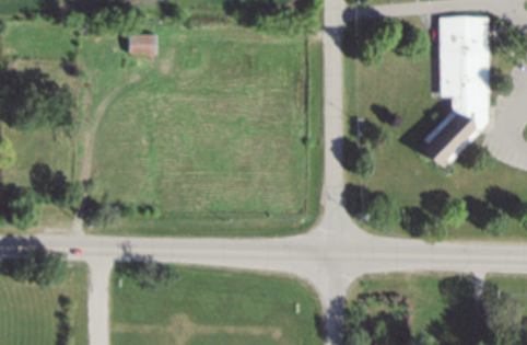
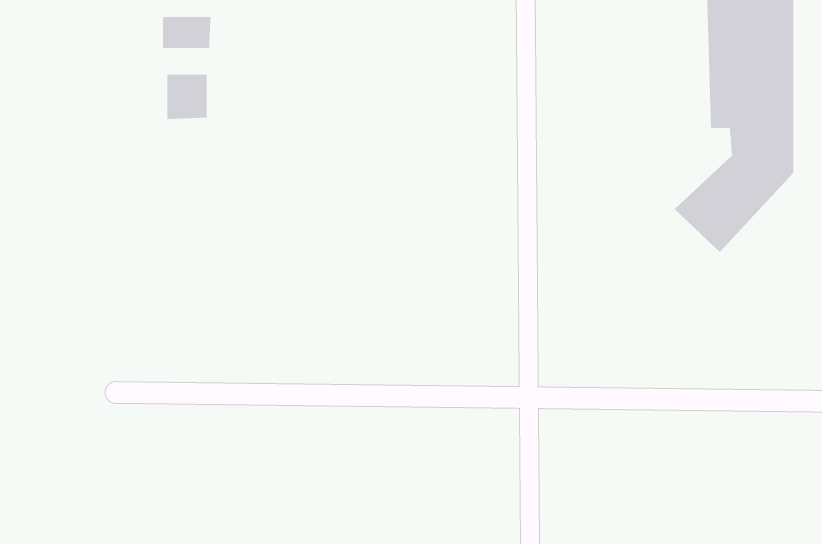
building: none -> [166,74,207,120]

